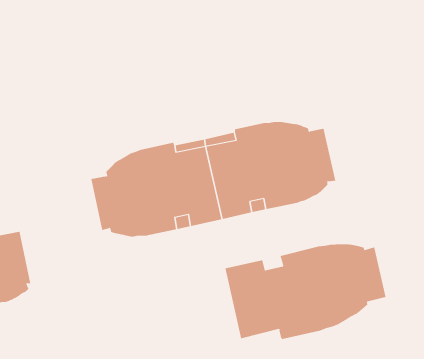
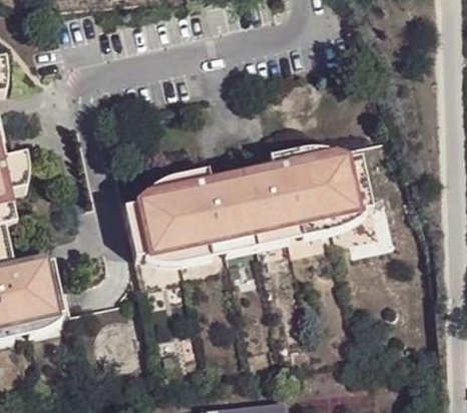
building: [225,243,386,340] -> none

